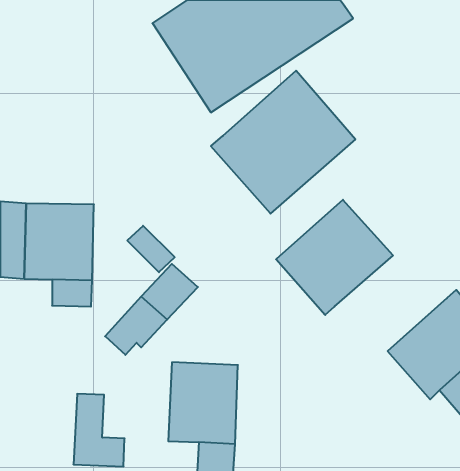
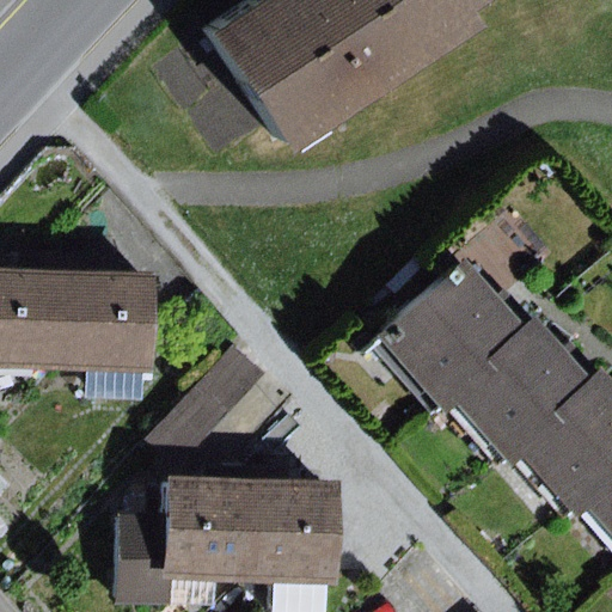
building: [211,71,355,214] -> none
building: none -> [449,323,594,465]
building: none -> [151,467,240,573]

